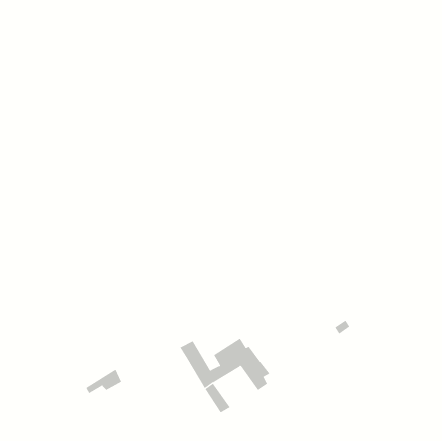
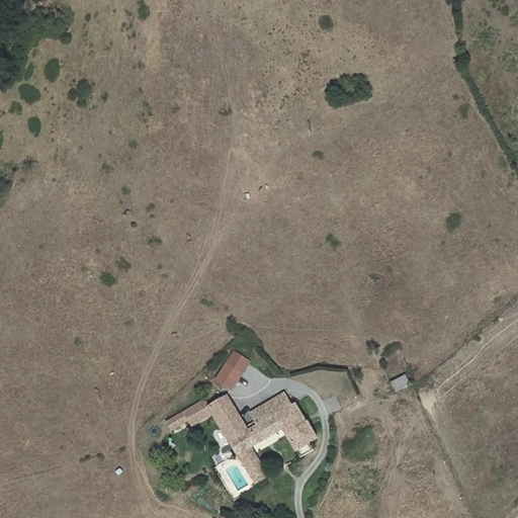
building: none -> [214,349,249,387]
building: [85,369,122,394] -> [167,398,209,427]

